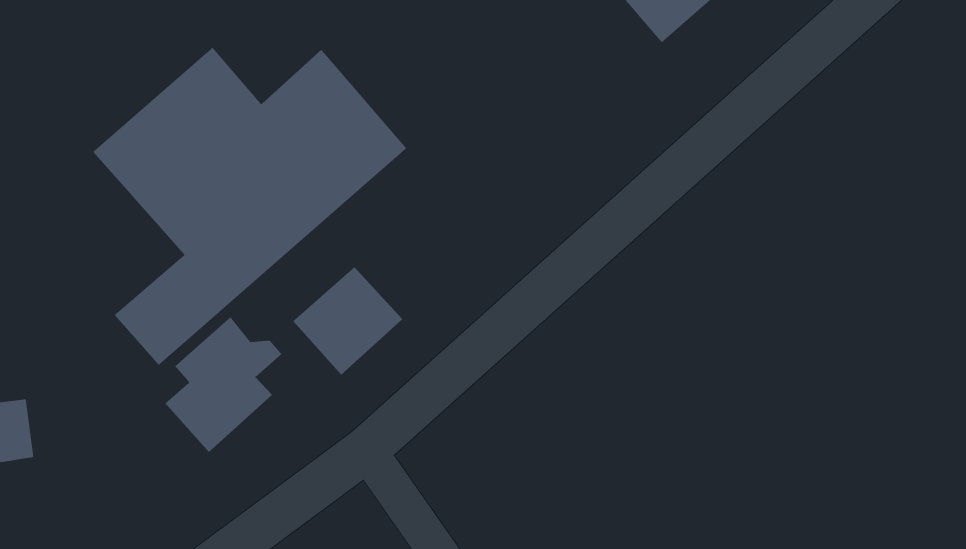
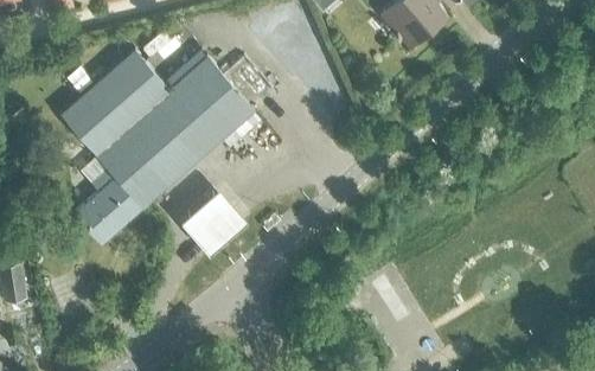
building: [165,316,282,453] -> none

